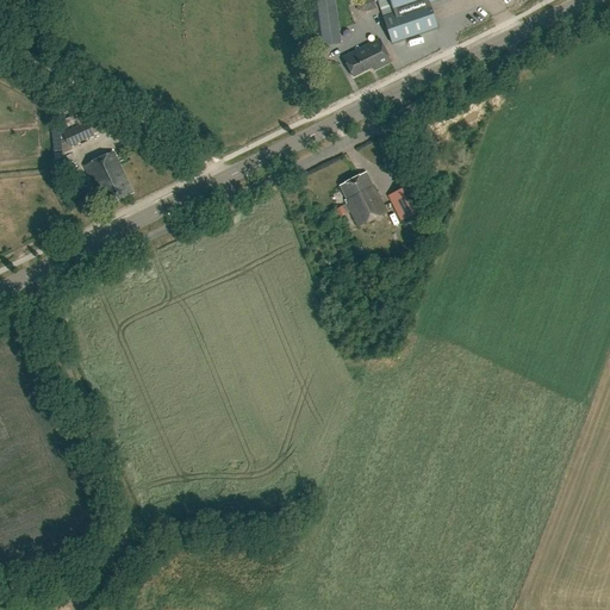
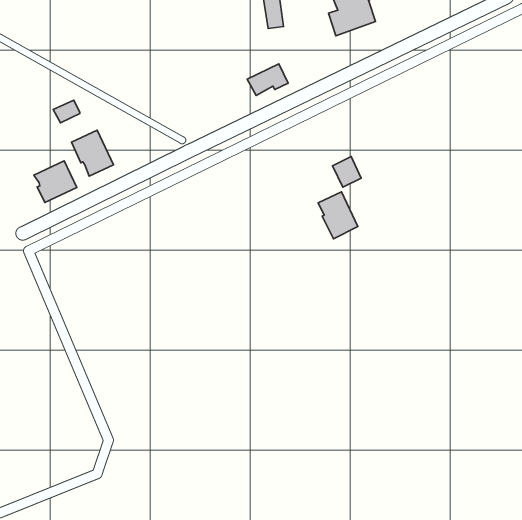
building: [343,38,391,75] -> [247,64,288,95]
building: [341,170,387,225] -> [318,192,358,239]
building: none -> [34,161,77,202]

